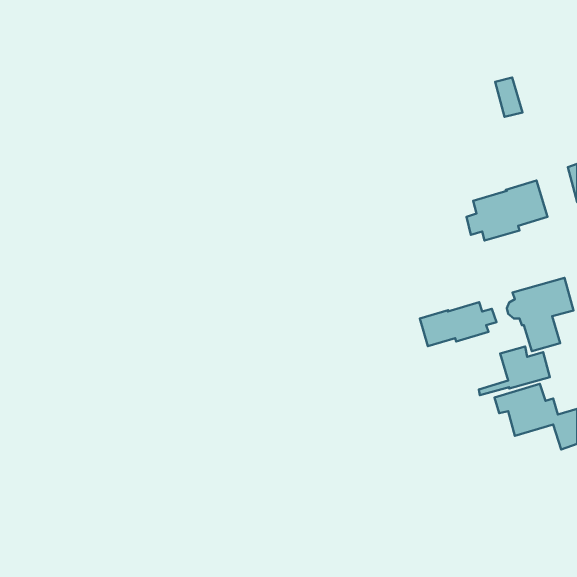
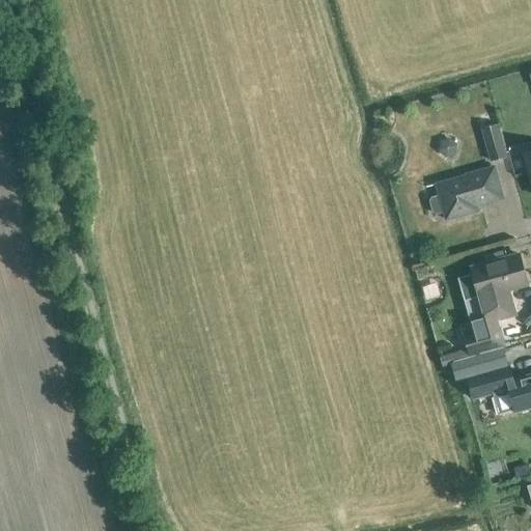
building: [495,77,522,117] -> [481,125,506,162]
building: [420,302,497,346] -> none

